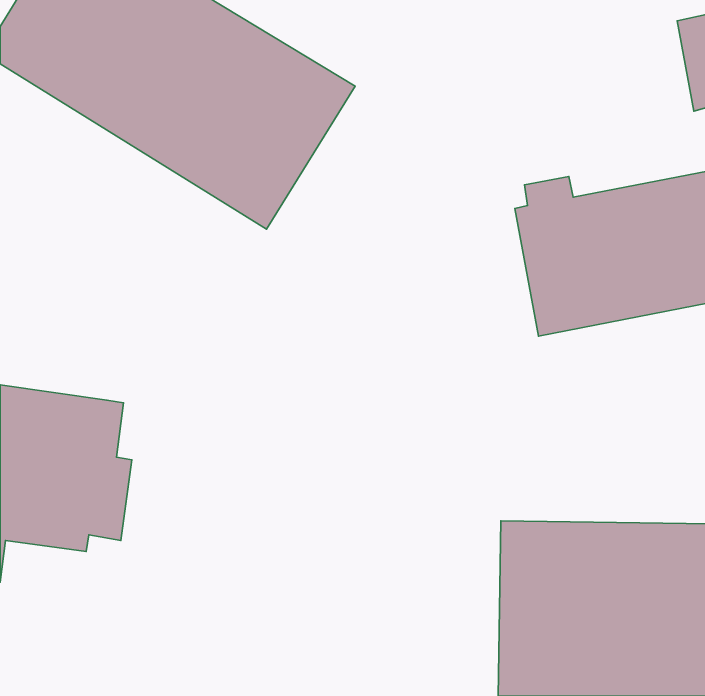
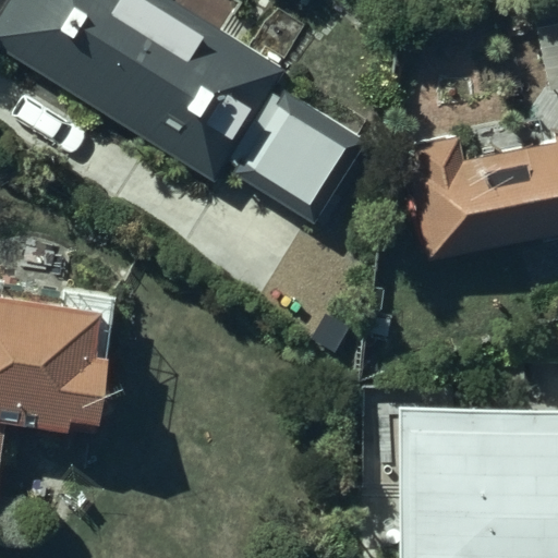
building: none -> [233,87,368,222]

